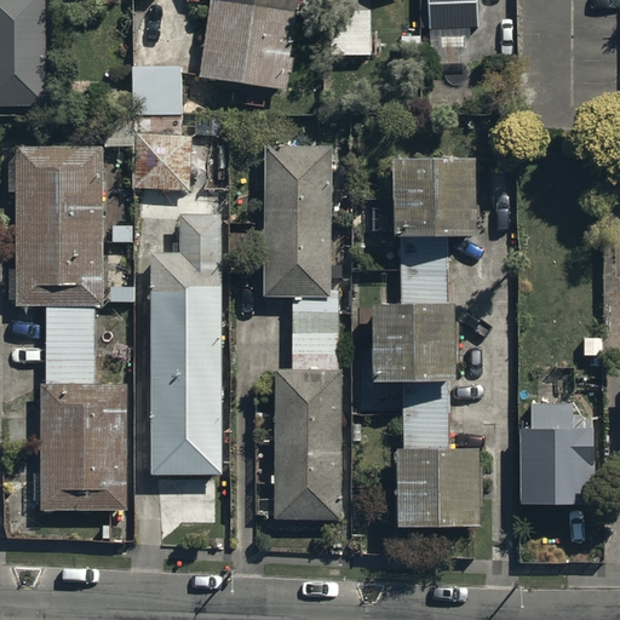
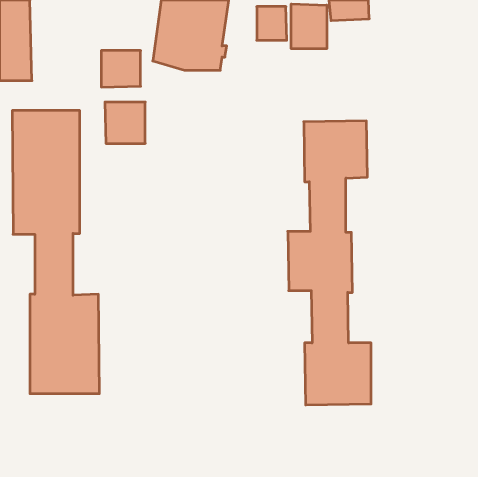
building: none -> [291,4,327,49]
building: [264,144,340,519] -> none
building: [150,214,222,475] -> none
building: [521,404,595,504] -> none

